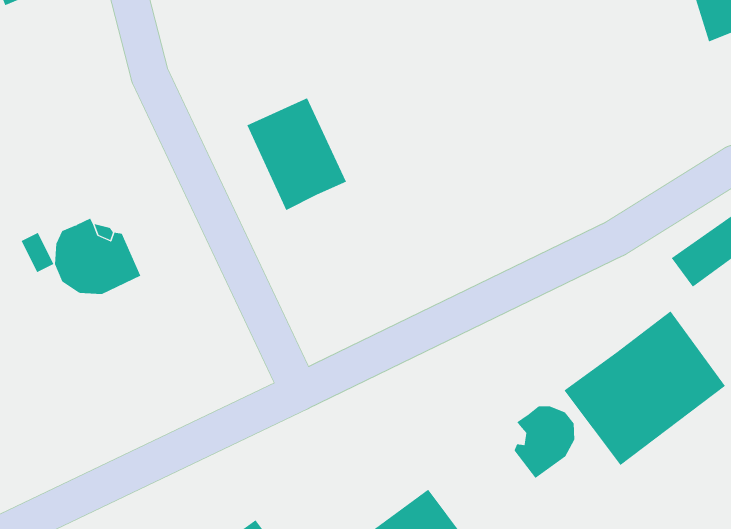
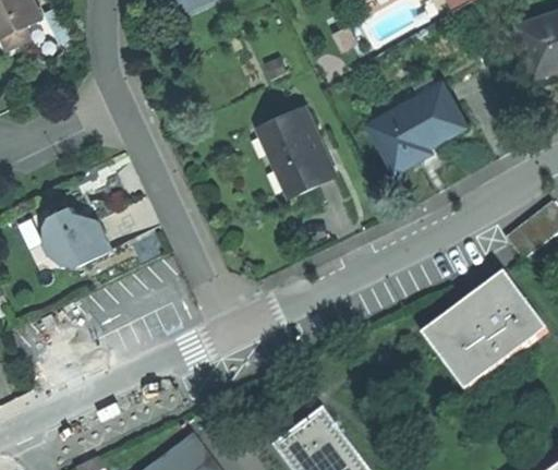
building: none -> [369,85,462,169]
building: [247,98,347,211] -> [259,106,335,191]
building: [514,405,575,479] -> none

